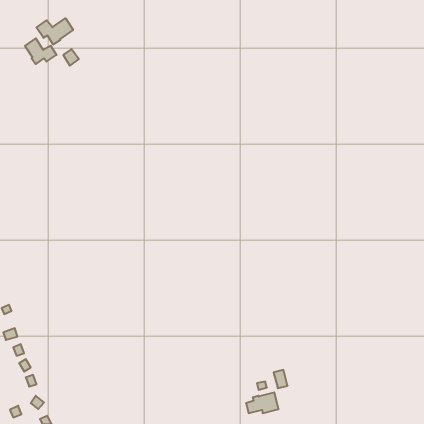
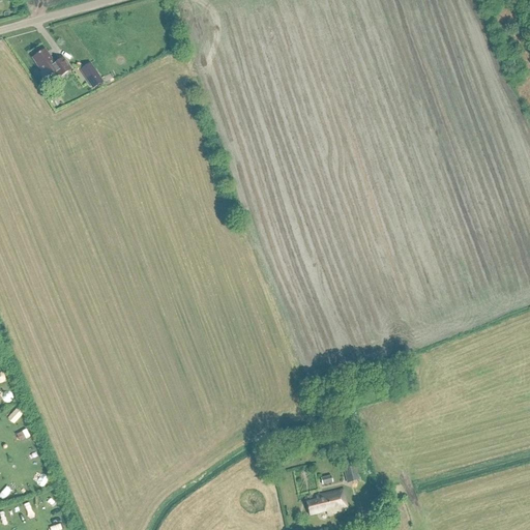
building: [36,18,73,45] -> none

